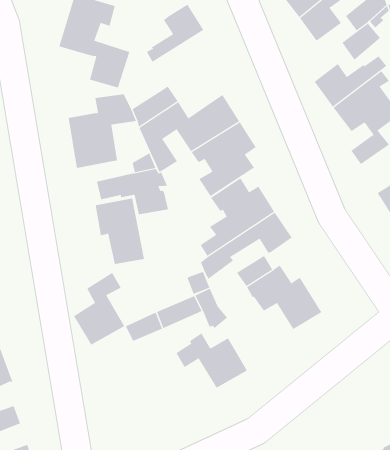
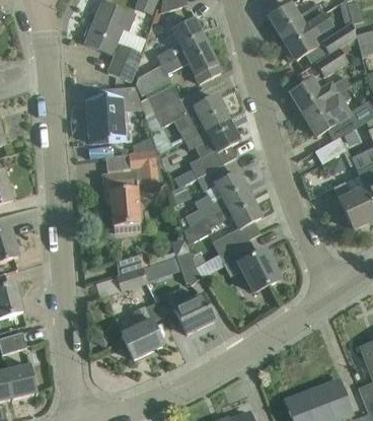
building: none -> [135,41,221,94]
building: [73,272,125,346] -> [121,300,162,358]

